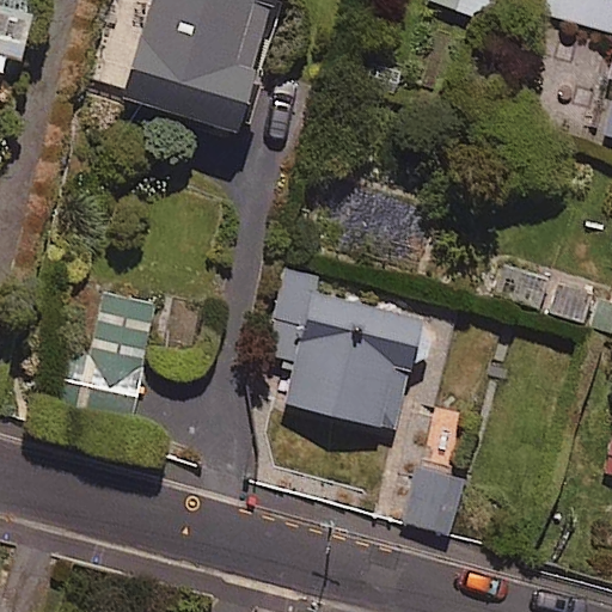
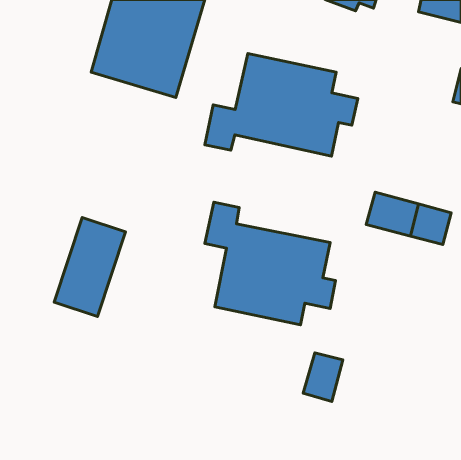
building: none -> [205,54,358,156]

